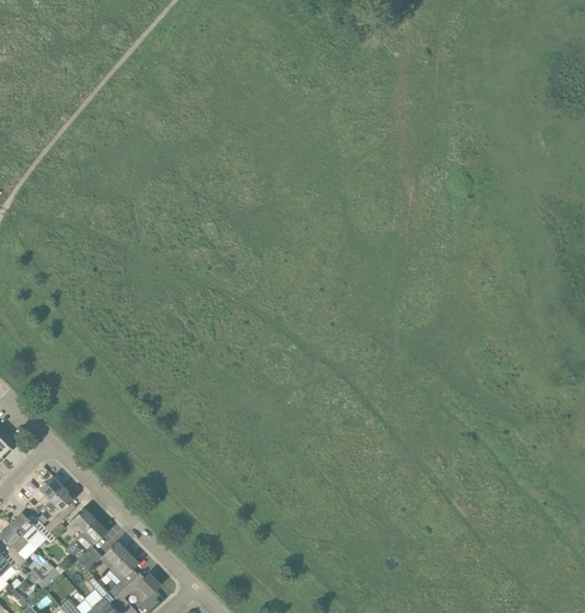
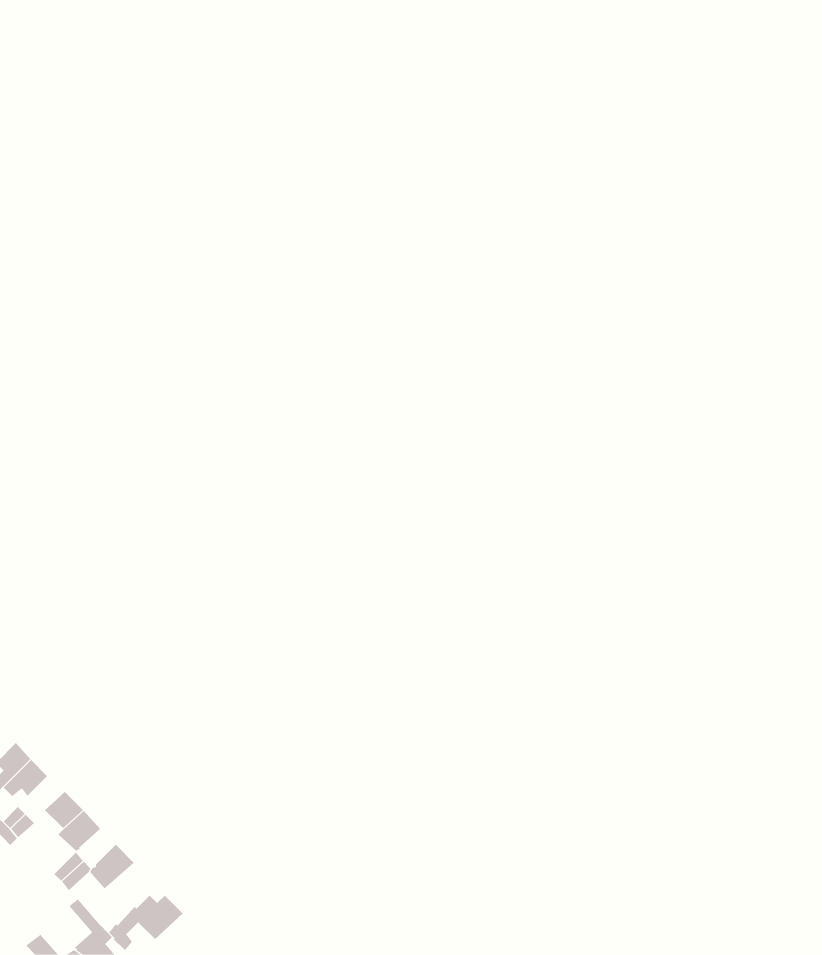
building: [106,553,138,597] -> none

